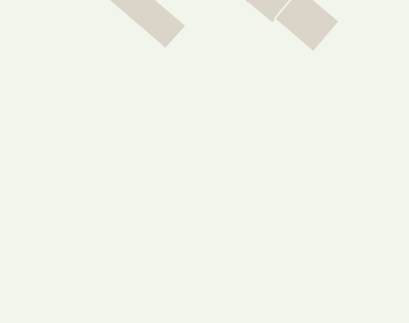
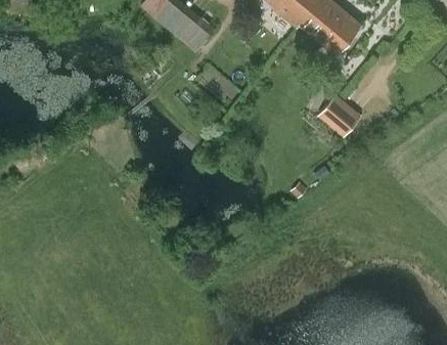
building: none -> [318,94,361,136]

